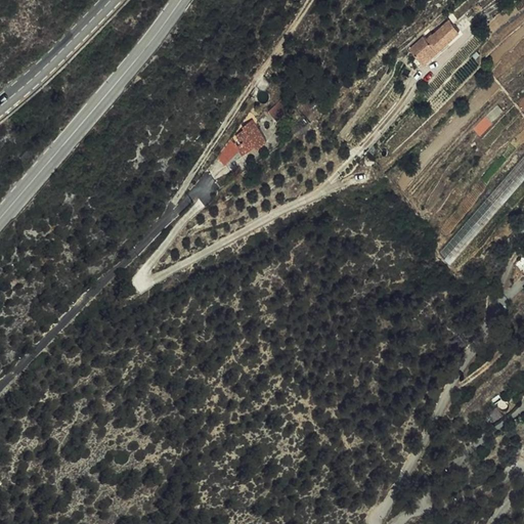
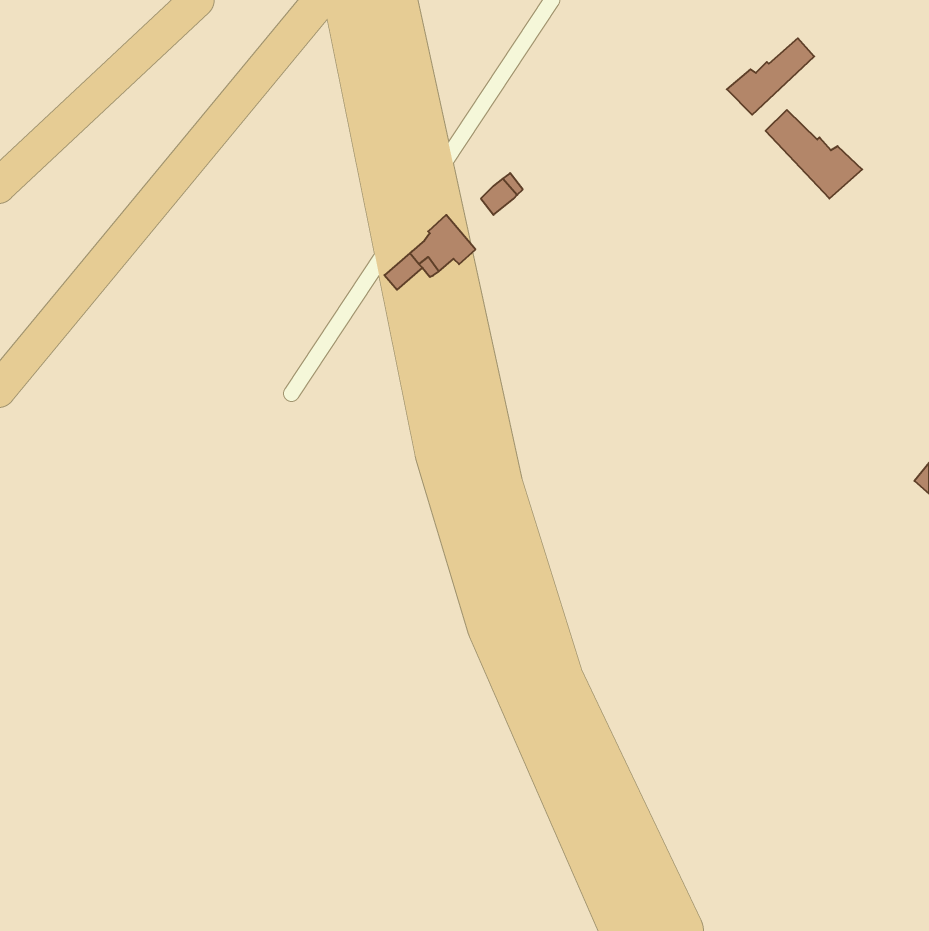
building: none -> [766,110,862,199]

